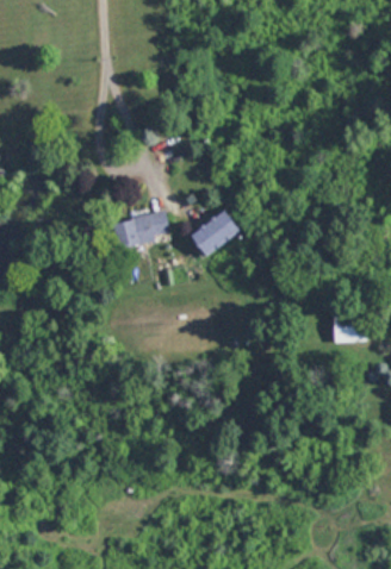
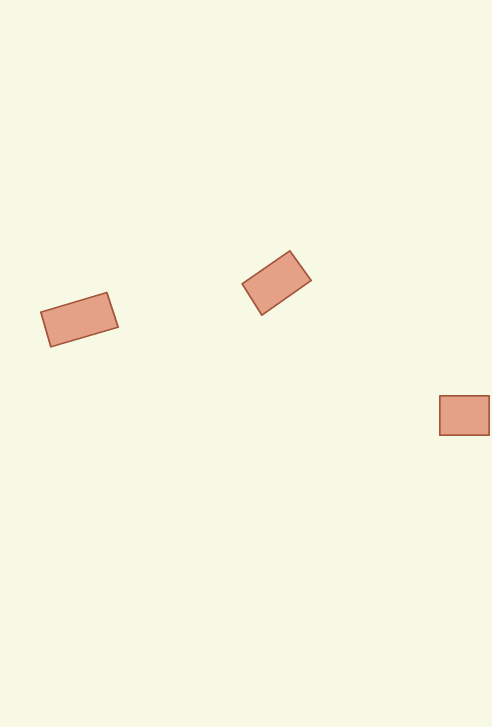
building: [114,210,170,249] -> [41,293,118,347]

